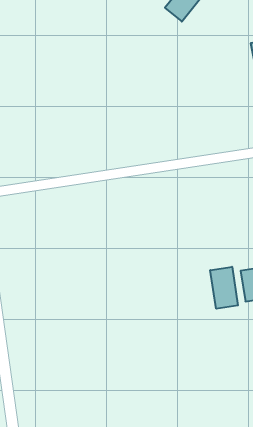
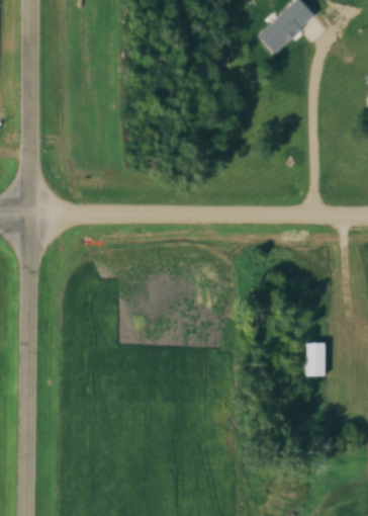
building: [210,267,238,309] -> none

